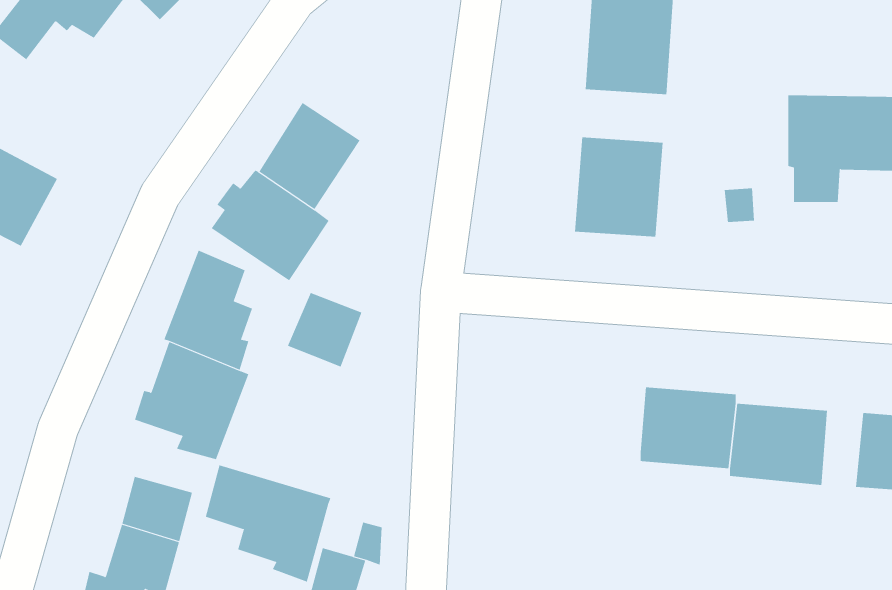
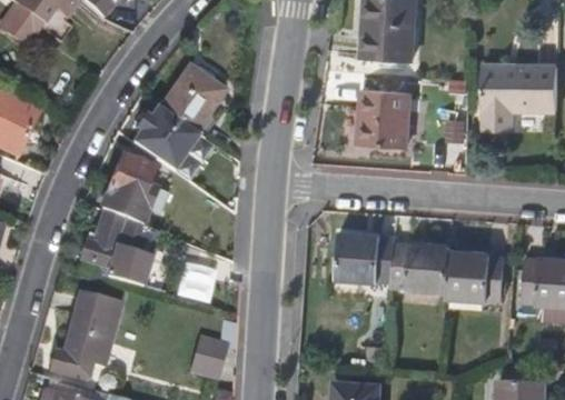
building: [287,292,362,367] -> none
building: none -> [337,231,396,280]
building: [205,464,331,582] -> none

